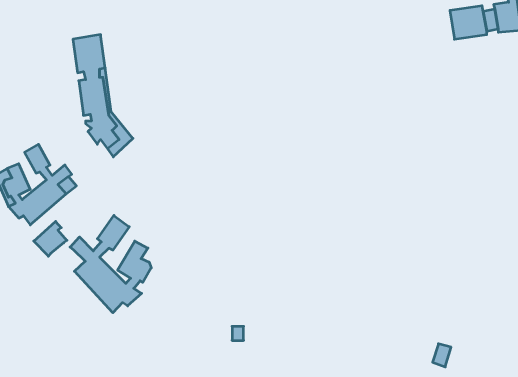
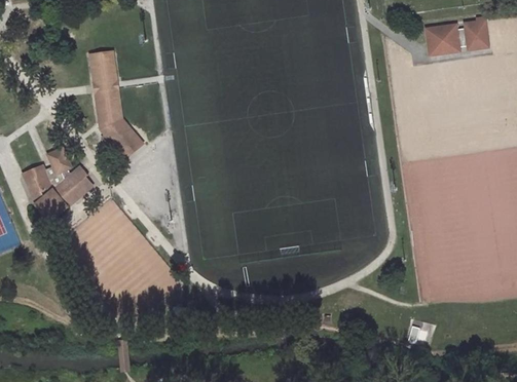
building: [70,215,151,313] -> none
building: [34,221,67,256] -> none

